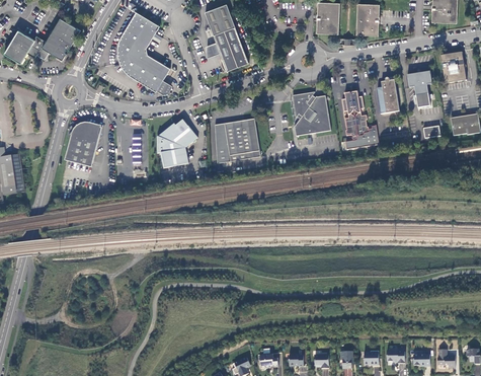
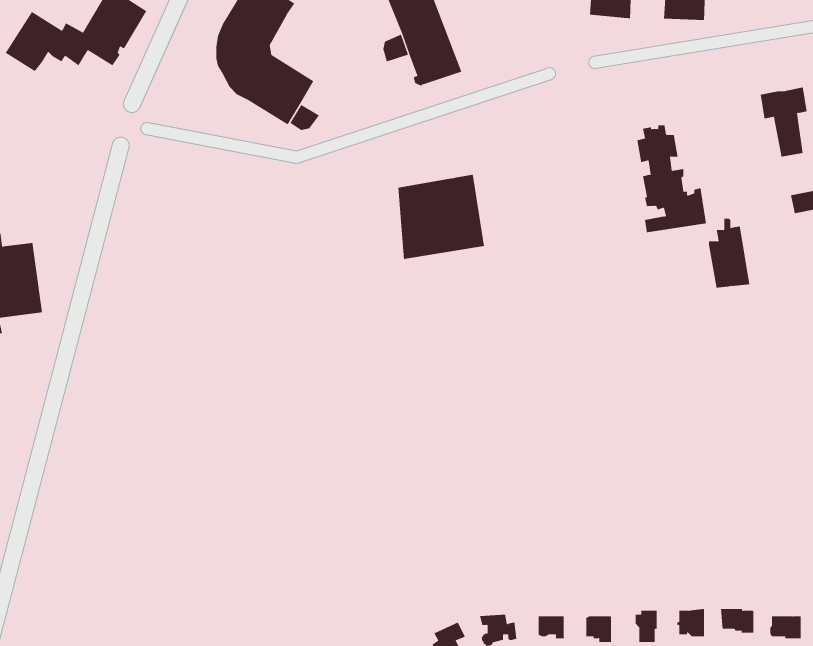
building: [377,76,399,114] -> [708,218,750,288]
building: [293,92,331,136] -> none
building: [157,120,196,168] -> none
building: [66,124,100,167] -> none

